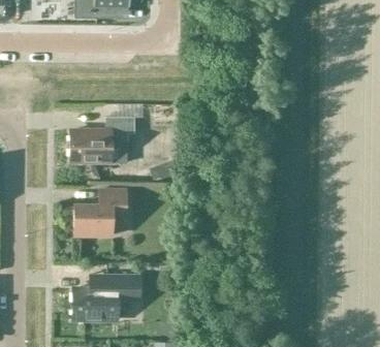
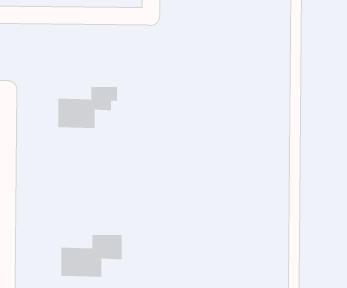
building: [73,190,126,235] -> none

